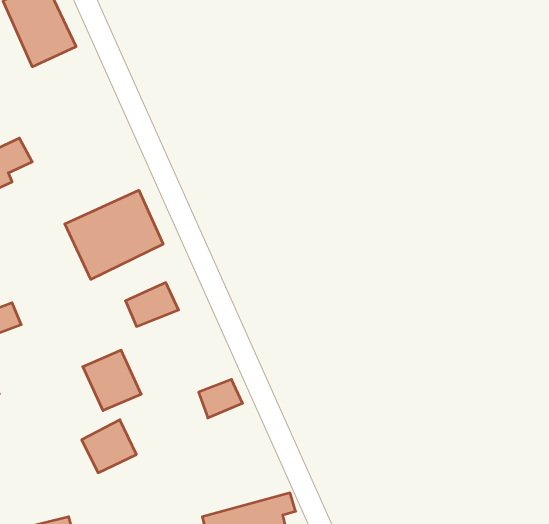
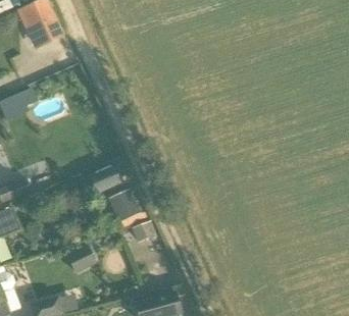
building: [65,190,163,279] -> none
building: [83,350,141,411] -> [109,188,142,221]

